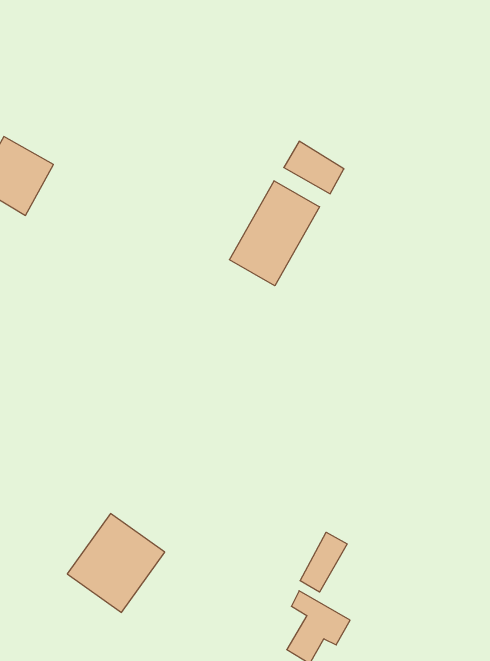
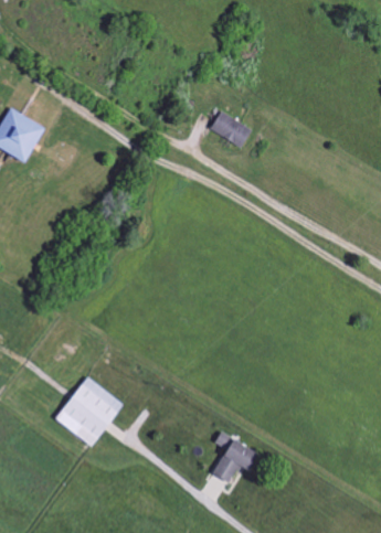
building: [229,181,320,286] -> none
building: [300,532,347,592] -> none

